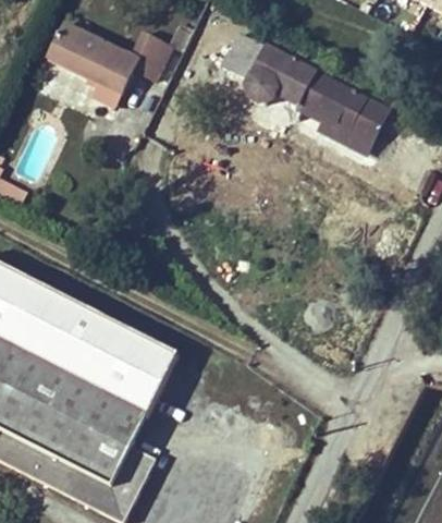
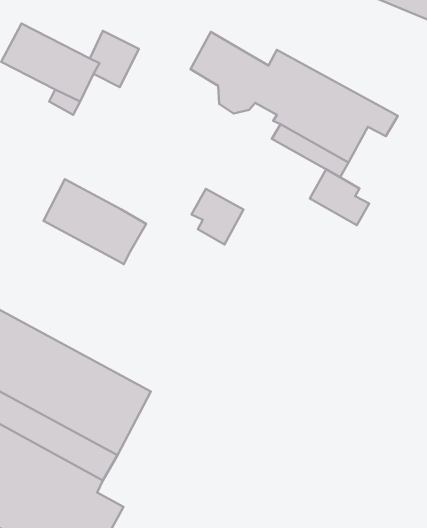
building: none -> [310,169,369,225]
building: none -> [43,179,146,264]
building: none -> [192,189,244,244]

